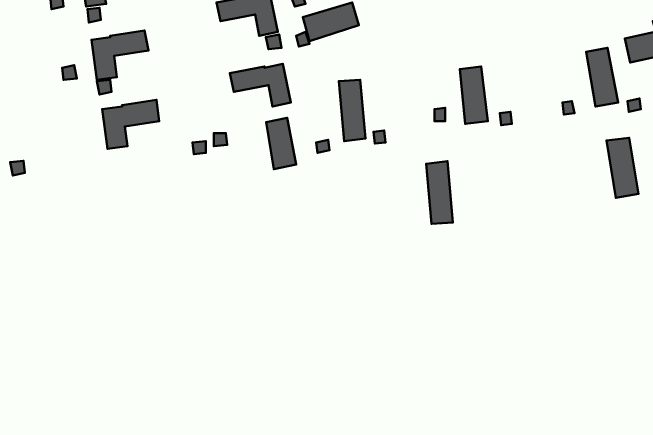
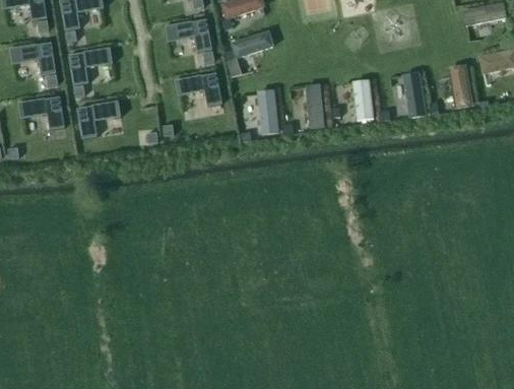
building: none -> [10,44,56,76]
building: none -> [18,98,65,130]
building: [266,118,296,169] -> none
building: [607,138,639,198] -> [401,70,426,116]
building: [426,161,453,224] -> [306,80,326,128]

